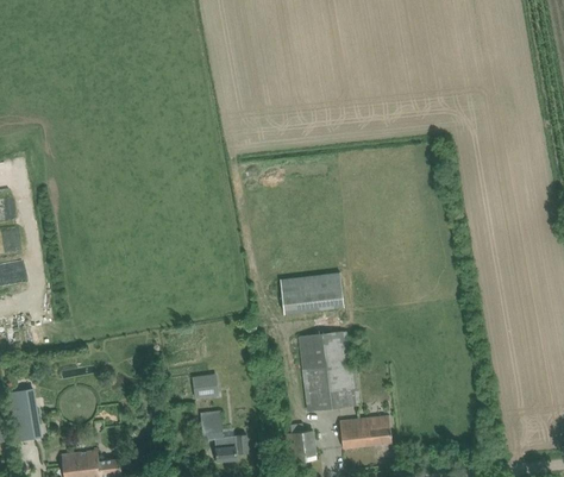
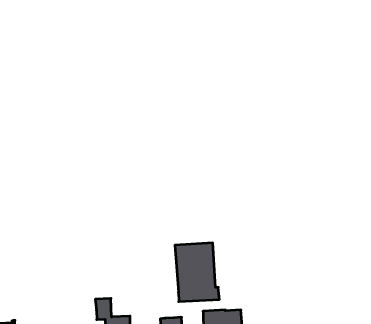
building: [277,272,340,312] -> none
building: [193,374,219,397] -> none

